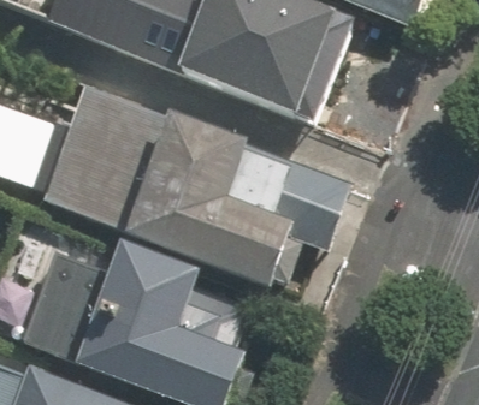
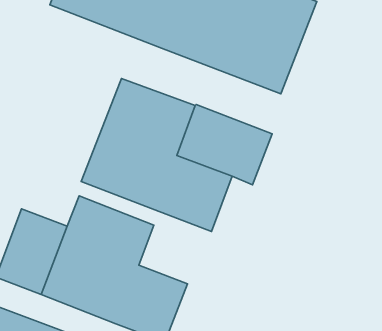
building: [43,91,164,231] -> none

